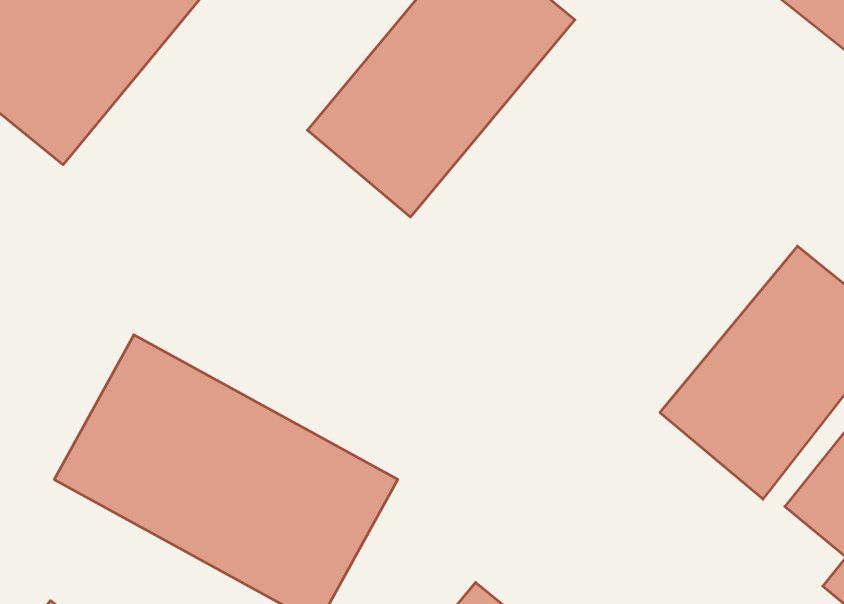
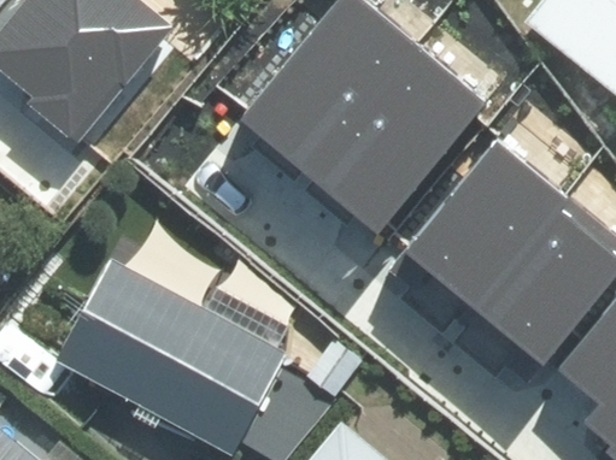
building: none -> [303,51,483,240]
building: none -> [399,145,561,312]

